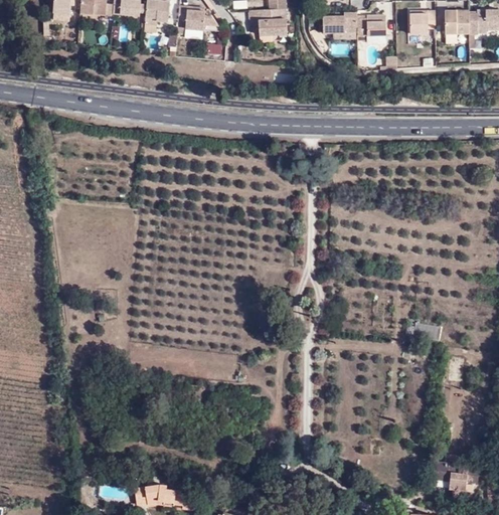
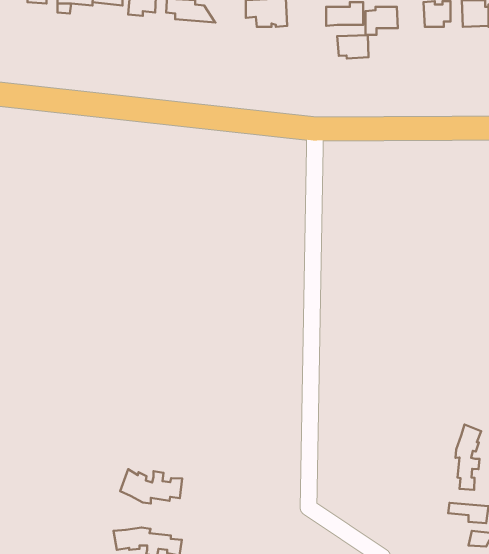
building: none -> [337,35,368,58]
building: none -> [455,424,481,490]
building: none -> [120,469,182,504]

